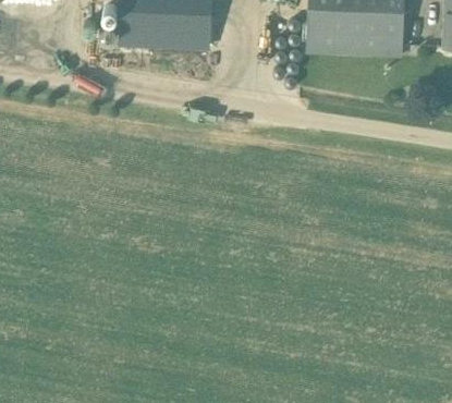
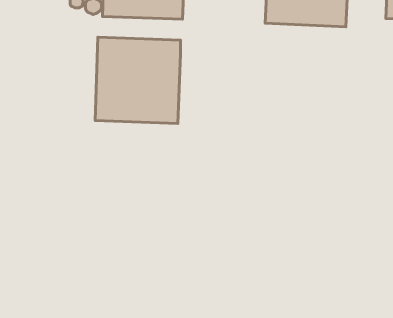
building: none -> [95,37,181,123]

